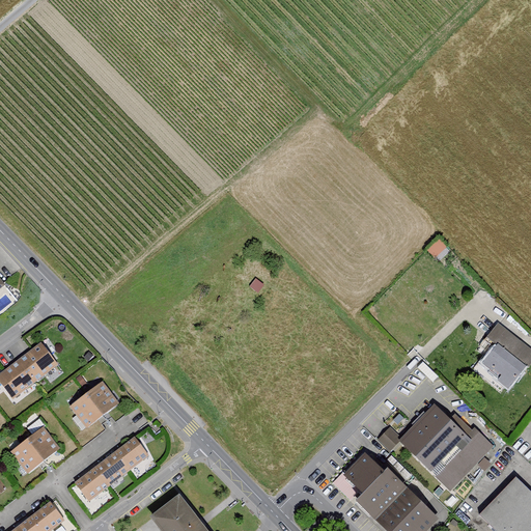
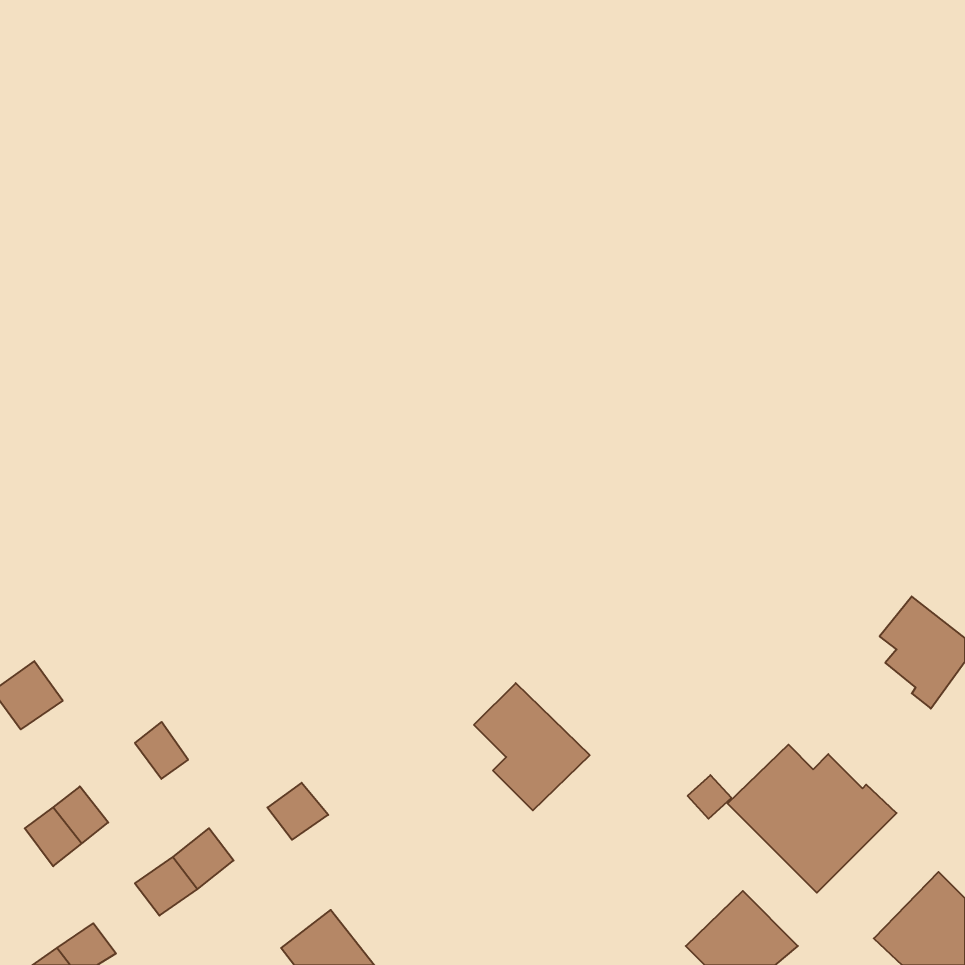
building: [19,345,56,383] -> none
building: [88,384,117,415] -> none
building: [114,439,147,470] -> [267,783,328,840]
building: [342,447,406,516] -> [474,683,590,810]

